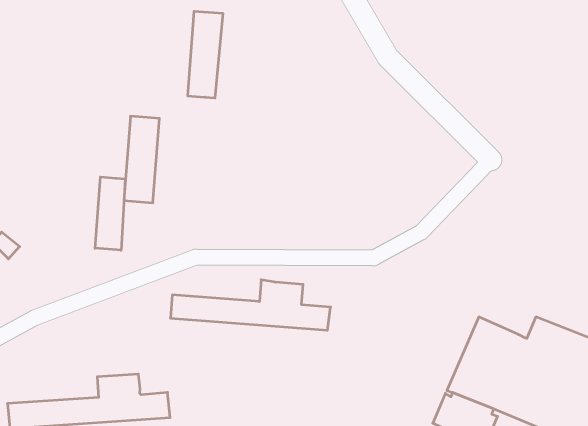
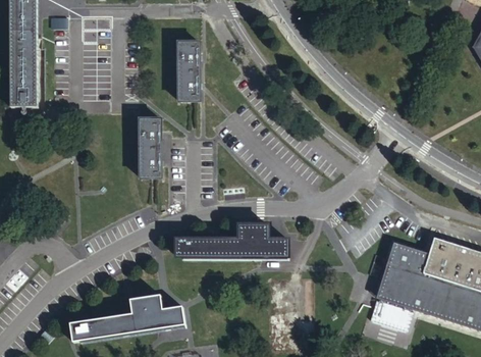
building: [95,177,125,250] -> none

